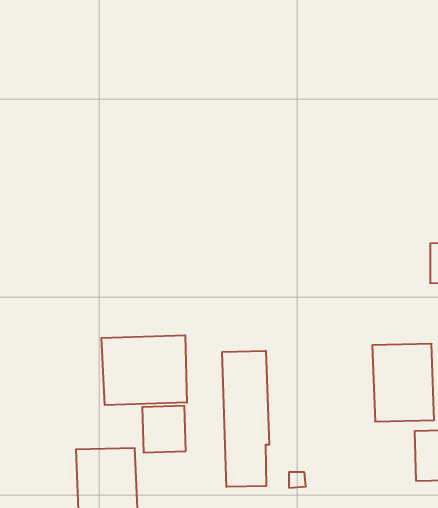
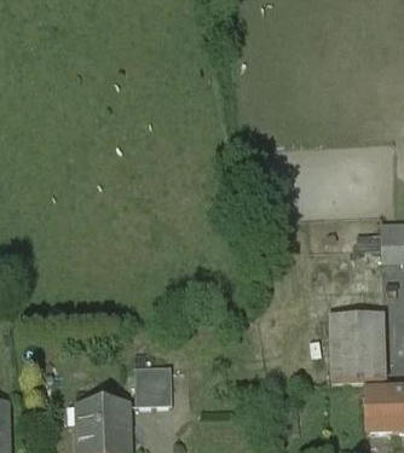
building: [101,335,187,405] -> none
building: [222,351,269,487] -> none

